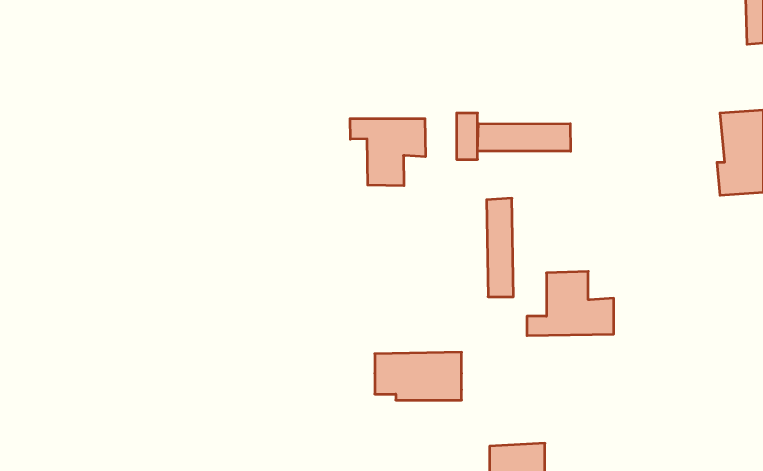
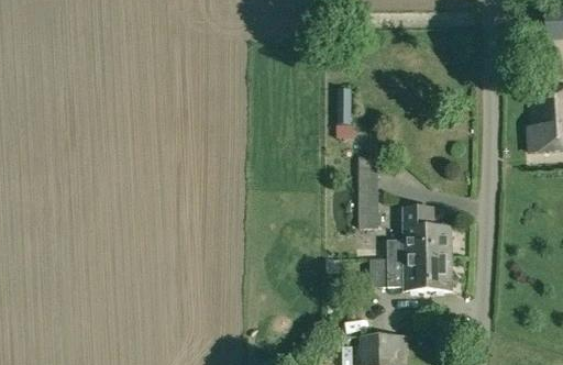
building: [350,119,425,186] -> none
building: [478,124,571,151] -> none
building: [375,352,462,400] -> [388,255,452,290]

